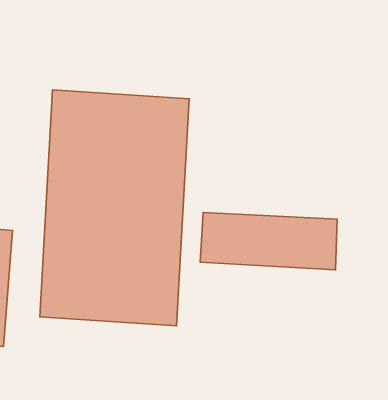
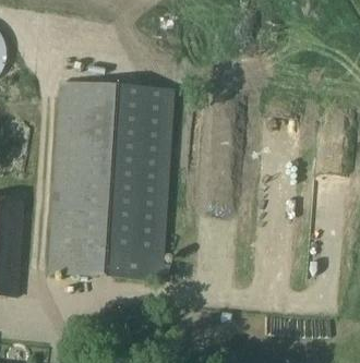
building: [200,213,337,270] -> none

